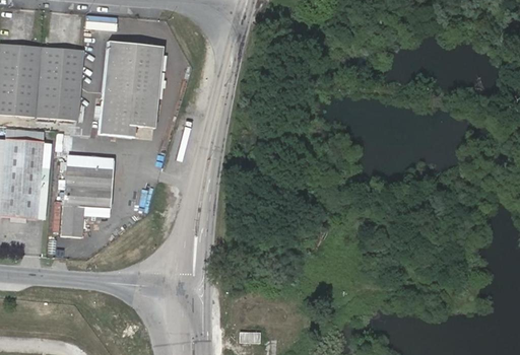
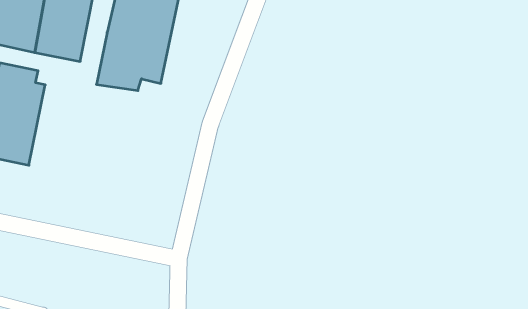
building: [60,154,114,236] -> none

